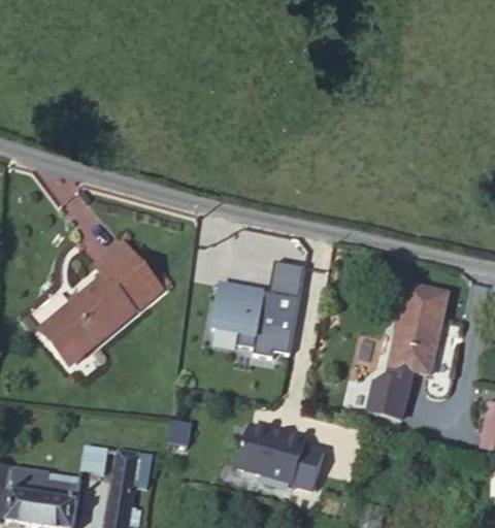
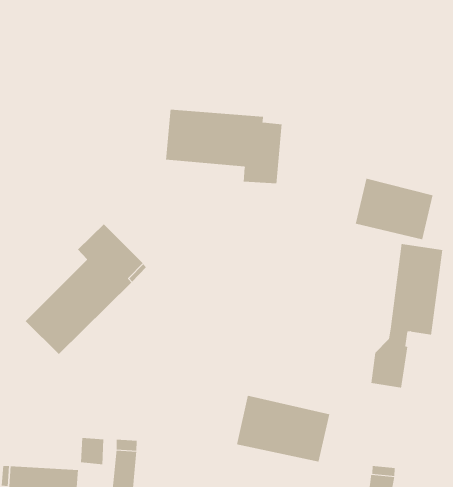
building: none -> [166,109,282,184]
building: none -> [355,178,433,240]
building: [203,260,303,354] -> none

